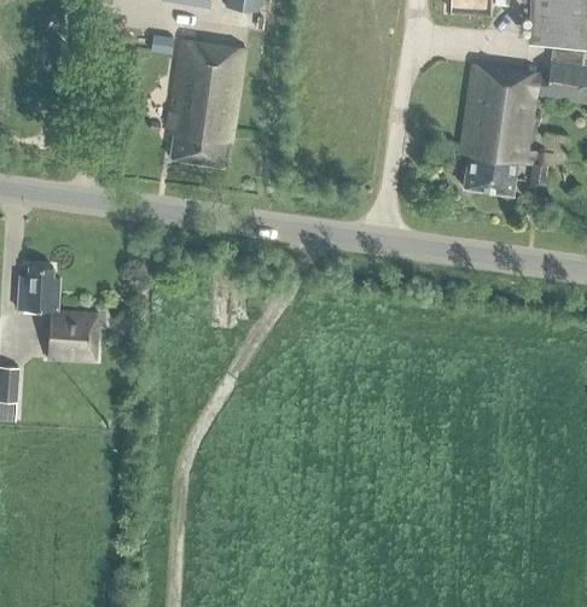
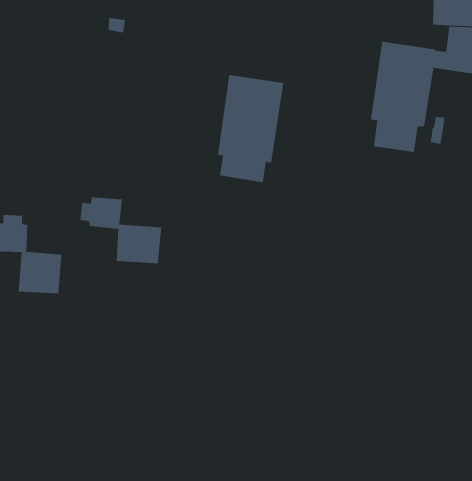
building: [167,39,245,165] -> [217,75,284,183]
building: none -> [80,197,162,264]

